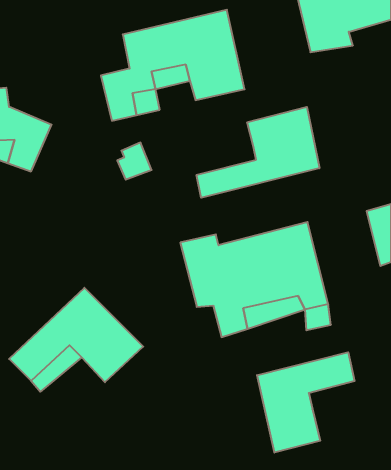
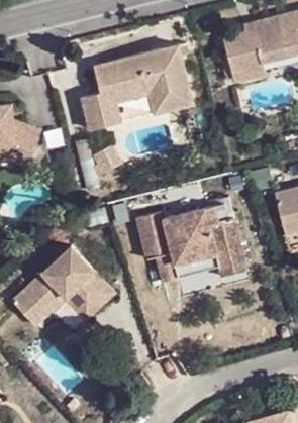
building: [197,107,319,198] -> none
building: [257,352,355,453] -> none

